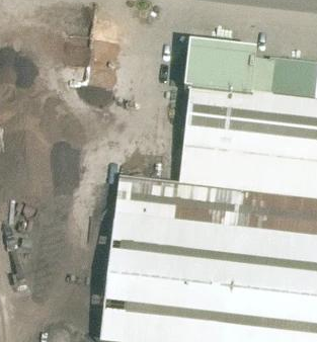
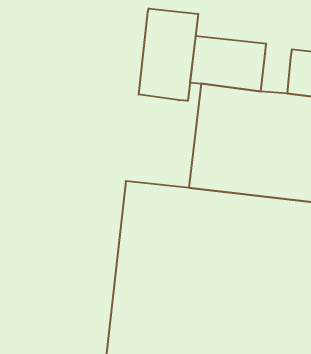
building: none -> [139,8,198,101]
building: [242,57,269,93] -> none

